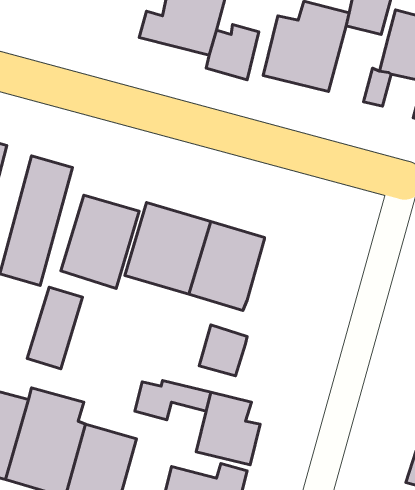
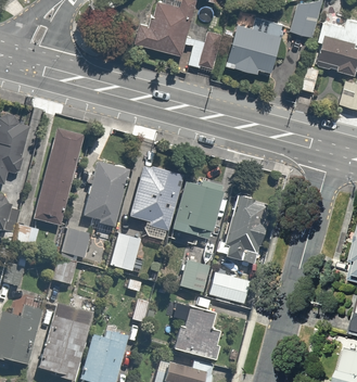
building: none -> [207,193,272,260]
building: none -> [107,231,141,270]
building: none -> [204,268,251,304]

